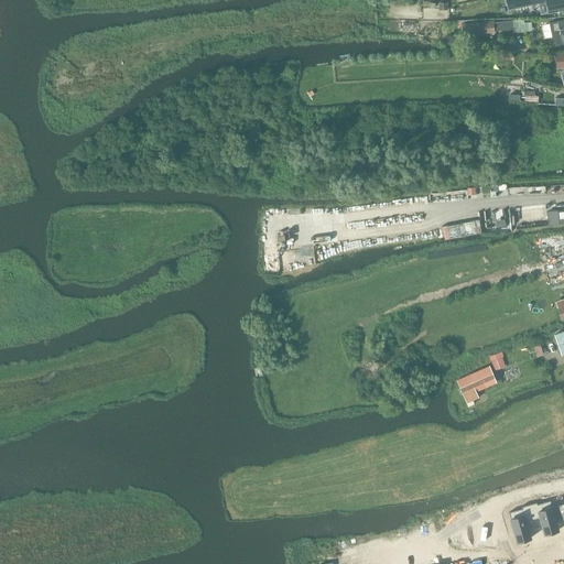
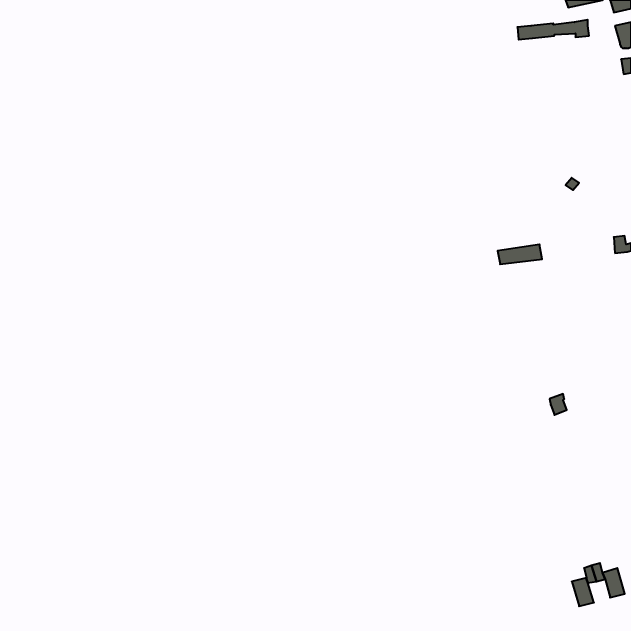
building: [457,366,497,406] -> none

